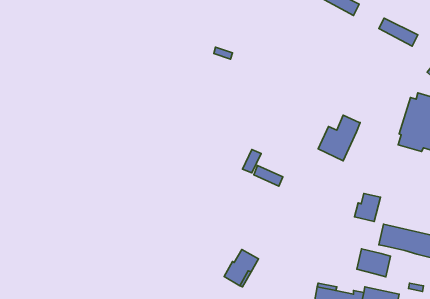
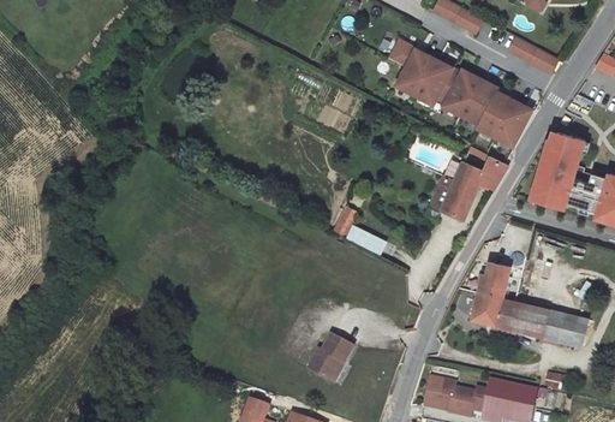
building: none -> [395,48,531,147]
building: none -> [478,156,507,189]
building: [357,249,391,277] -> [470,292,513,328]

